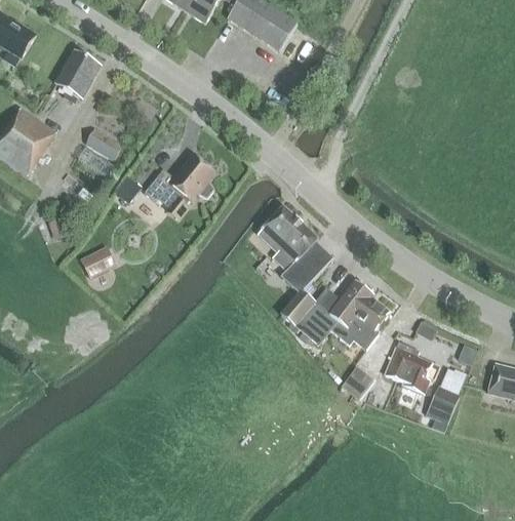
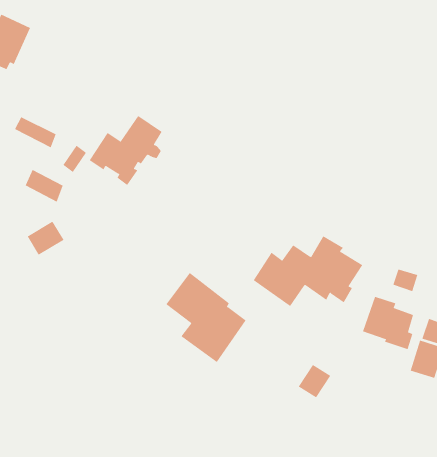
building: [85,128,121,161] -> [25,169,63,203]
building: [258,206,331,292] -> [166,272,247,363]
building: [340,365,371,397] -> [298,364,331,398]

